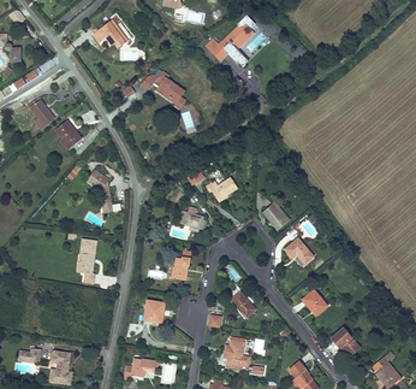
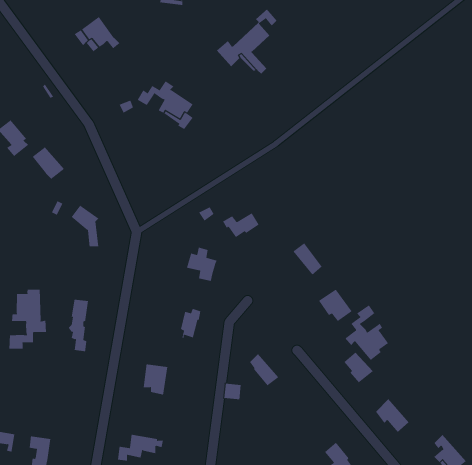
building: none -> [9,289,46,350]
building: none -> [345,304,389,361]
building: [225,338,255,373] -> none

